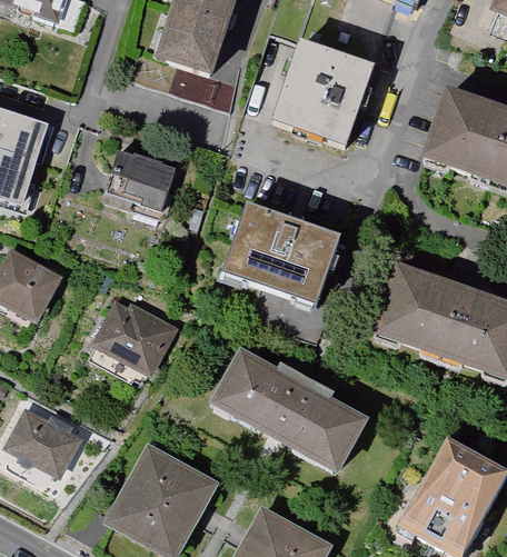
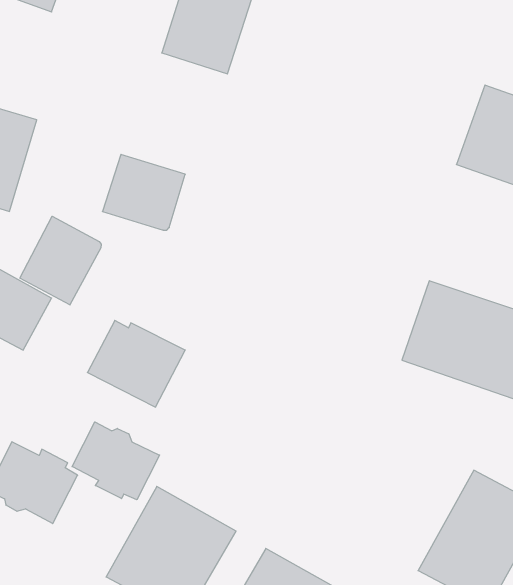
building: [270,38,375,146] -> none
building: [223,203,342,306] -> none
building: none -> [20,216,101,305]
building: [217,351,380,480] -> none
building: none -> [72,422,160,500]

